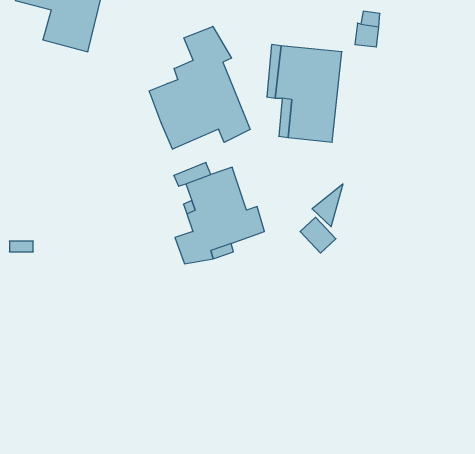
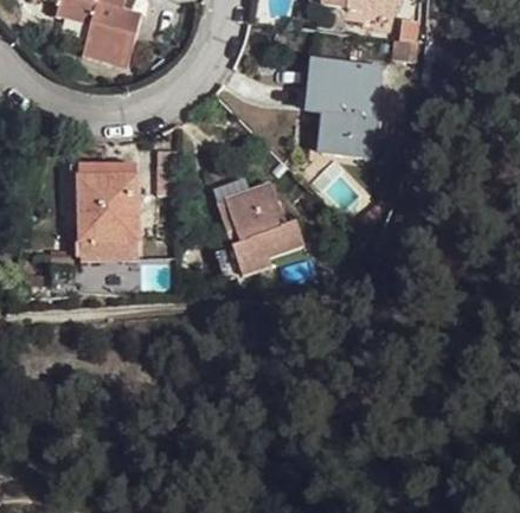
building: [149,26,250,149] -> none
building: none -> [77,163,139,261]

